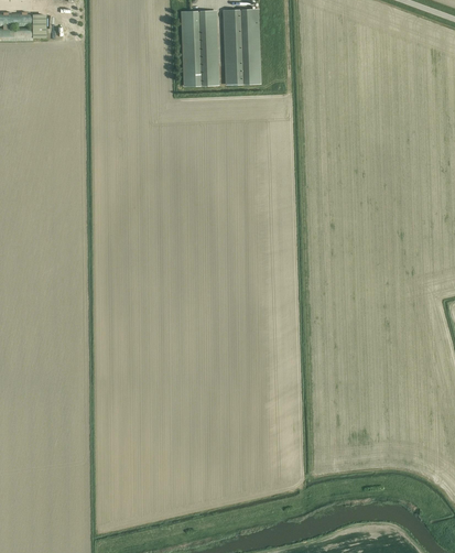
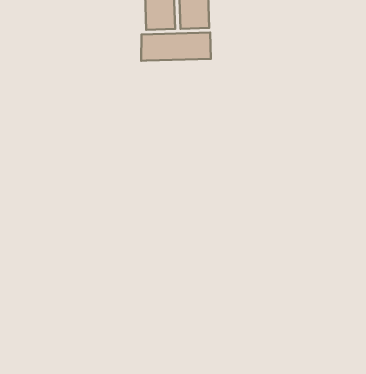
building: none -> [141,32,211,61]

